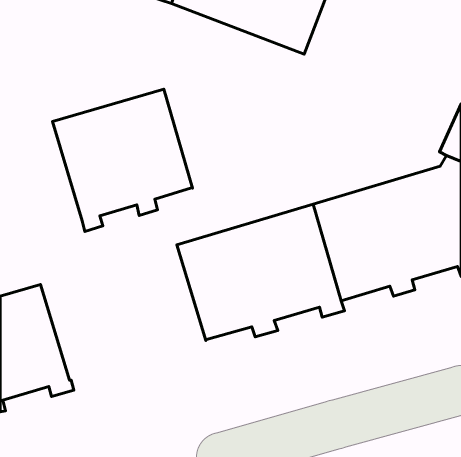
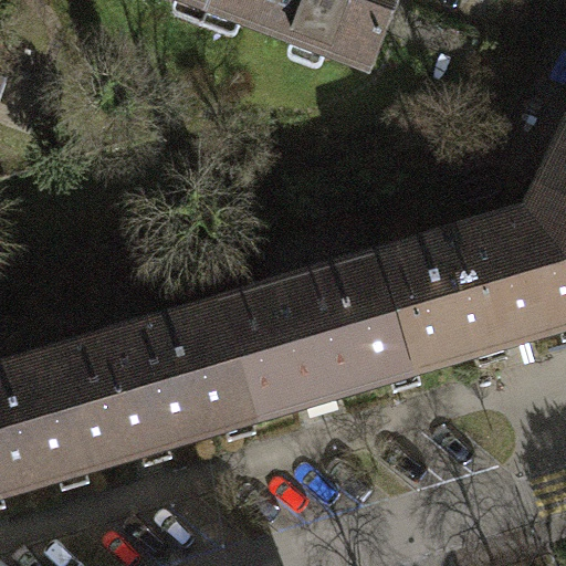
building: [53,89,192,232] -> none
building: none -> [50,300,258,465]

